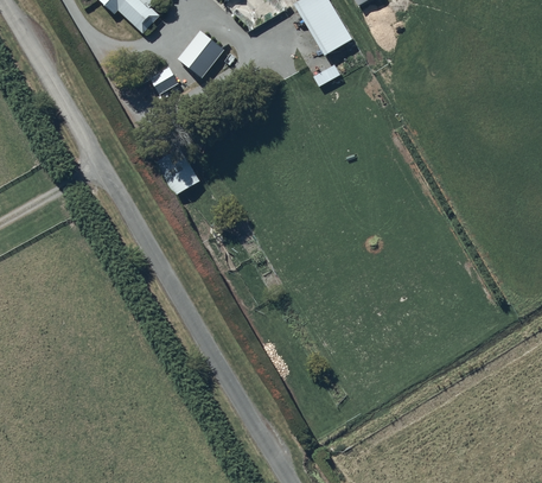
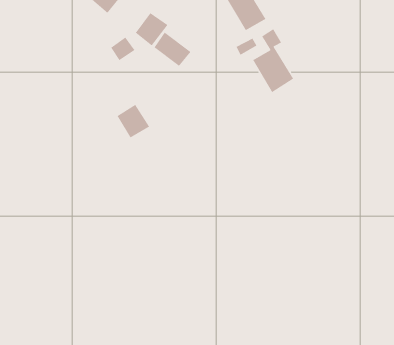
building: none -> [252,28,294,93]
building: none -> [154,32,191,67]

